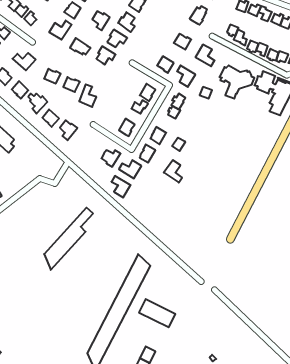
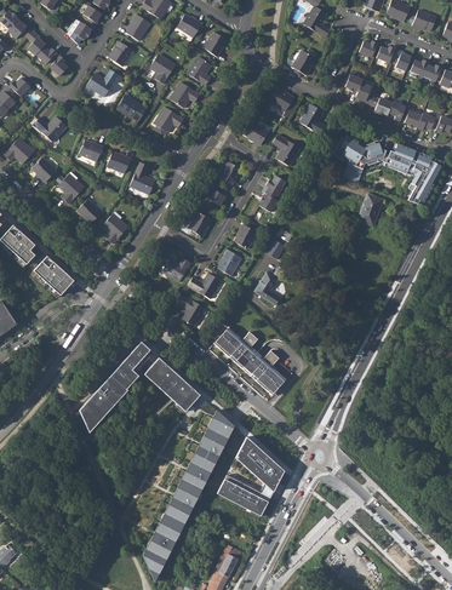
building: none -> [359,193,384,227]
building: none -> [34,253,74,293]
building: none -> [212,323,286,395]
building: none -> [143,357,200,412]
building: none -> [235,437,284,497]

